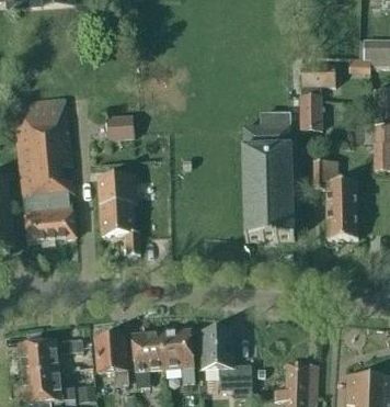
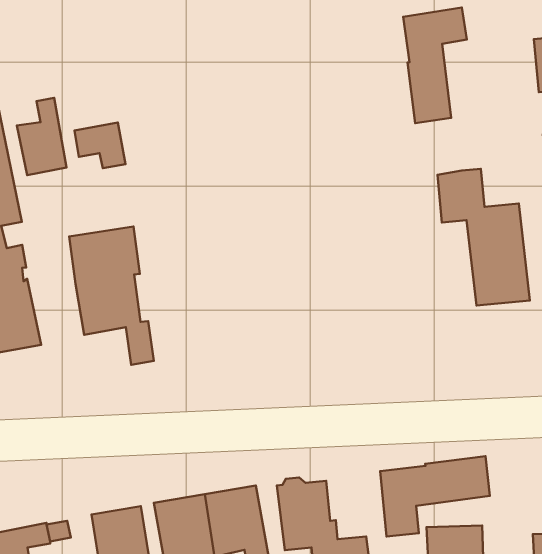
building: none -> [17,98,67,175]
building: [242,112,294,240] -> none
building: none -> [380,456,490,536]

